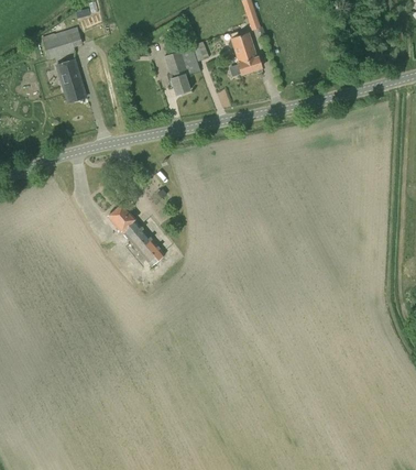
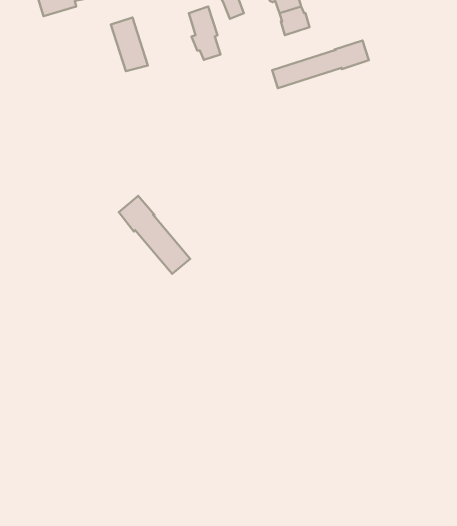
building: [56,59,86,102] -> [111,18,148,71]
building: none -> [272,41,369,88]

